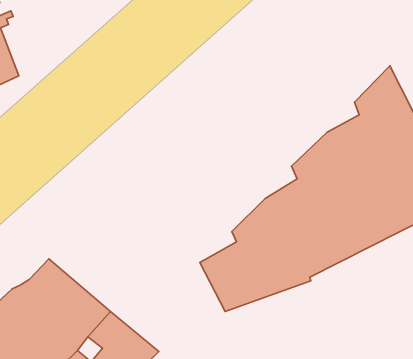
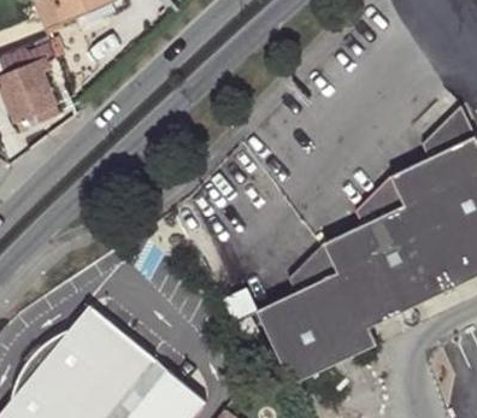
building: none -> [278,329,373,384]

